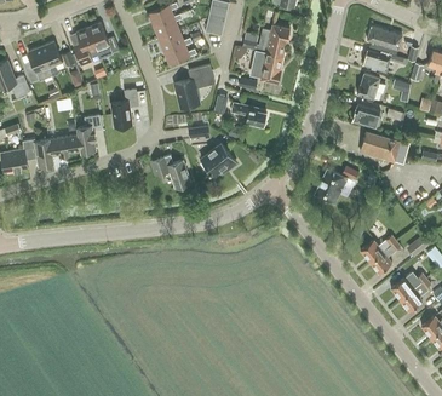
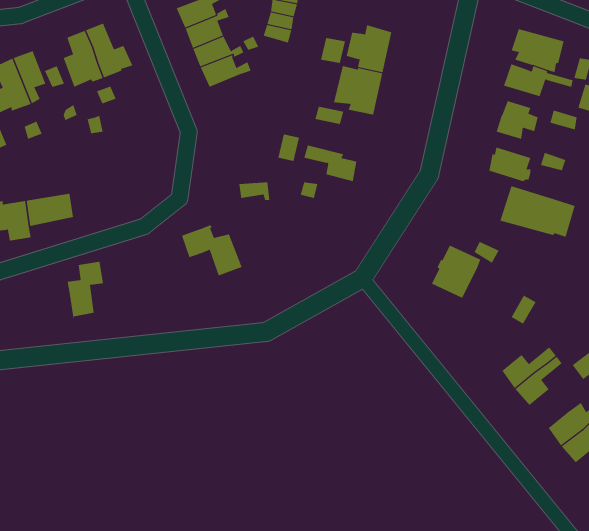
building: [174,65,216,109] -> none
building: [111,88,147,127] -> none
building: [78,115,102,153] -> [67,261,104,319]
building: [201,144,236,176] -> none

